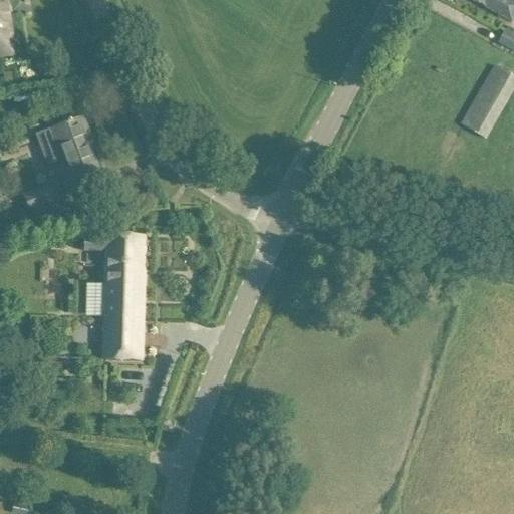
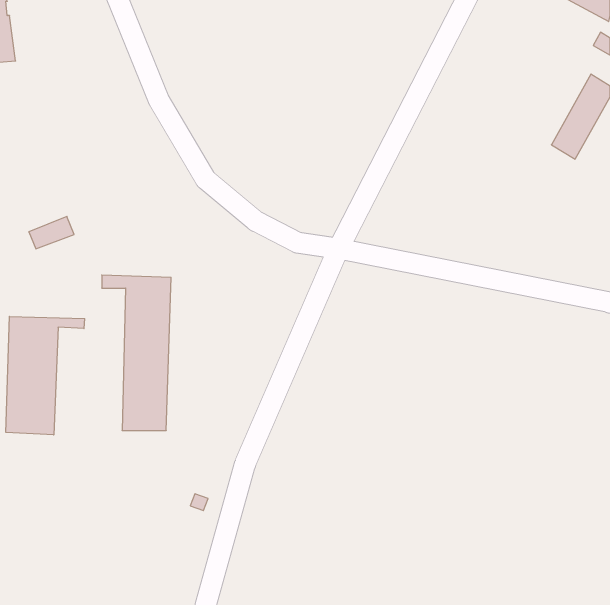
building: [36,114,98,177] -> none
building: none -> [6,316,85,435]

